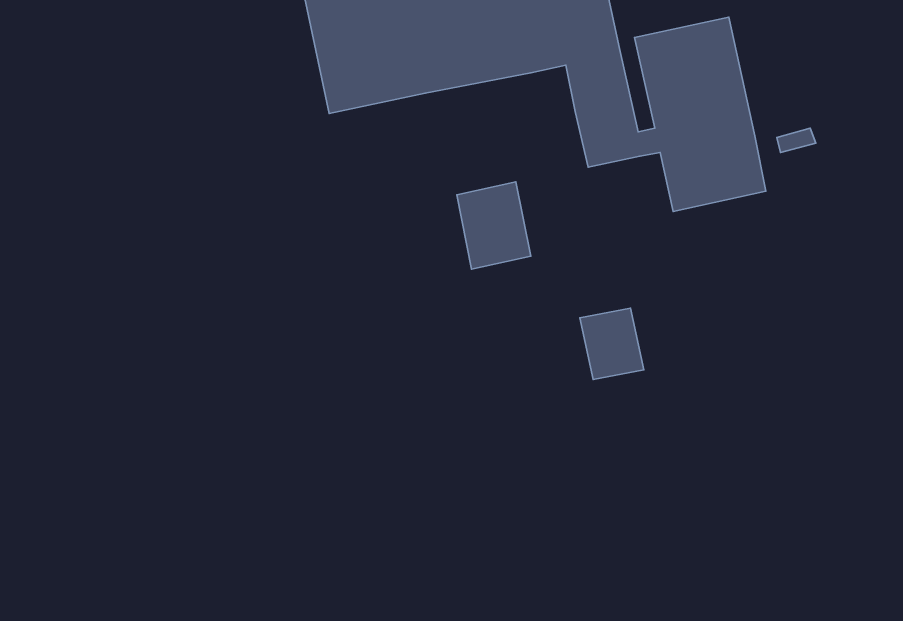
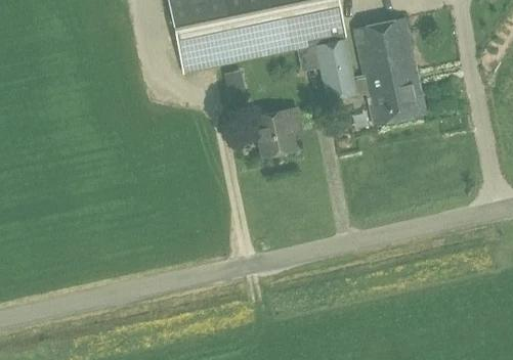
building: [580,308,644,380] -> none

